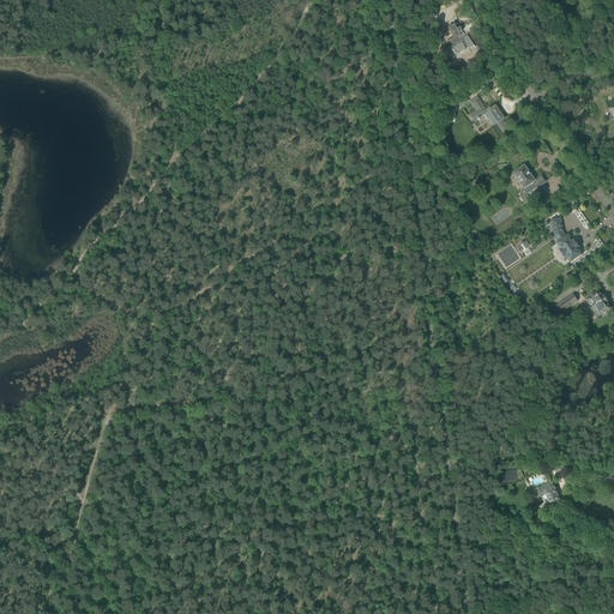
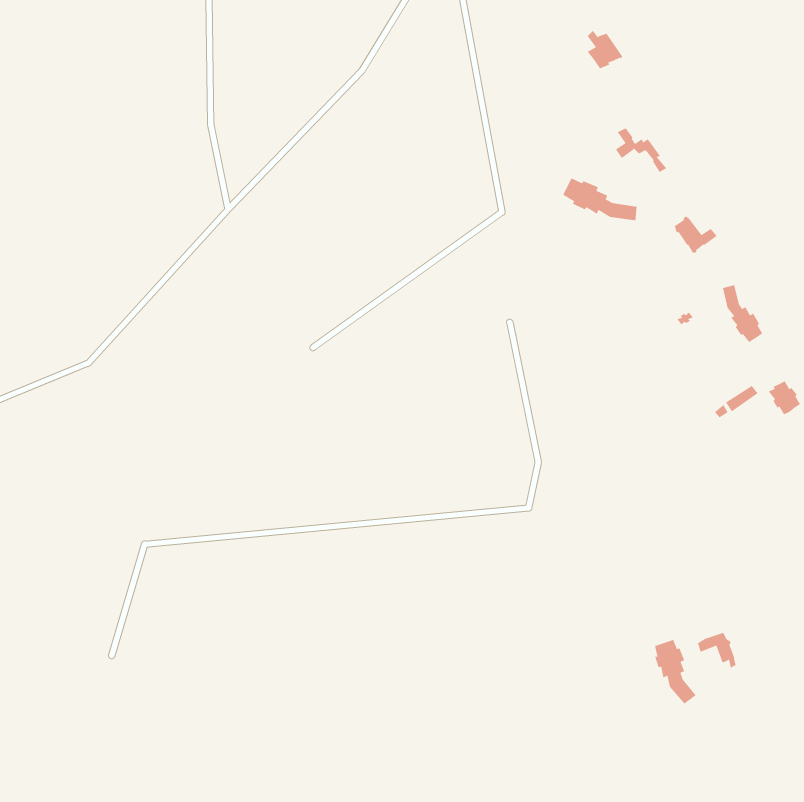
building: none -> [562,178,637,221]
building: none -> [654,639,697,704]

